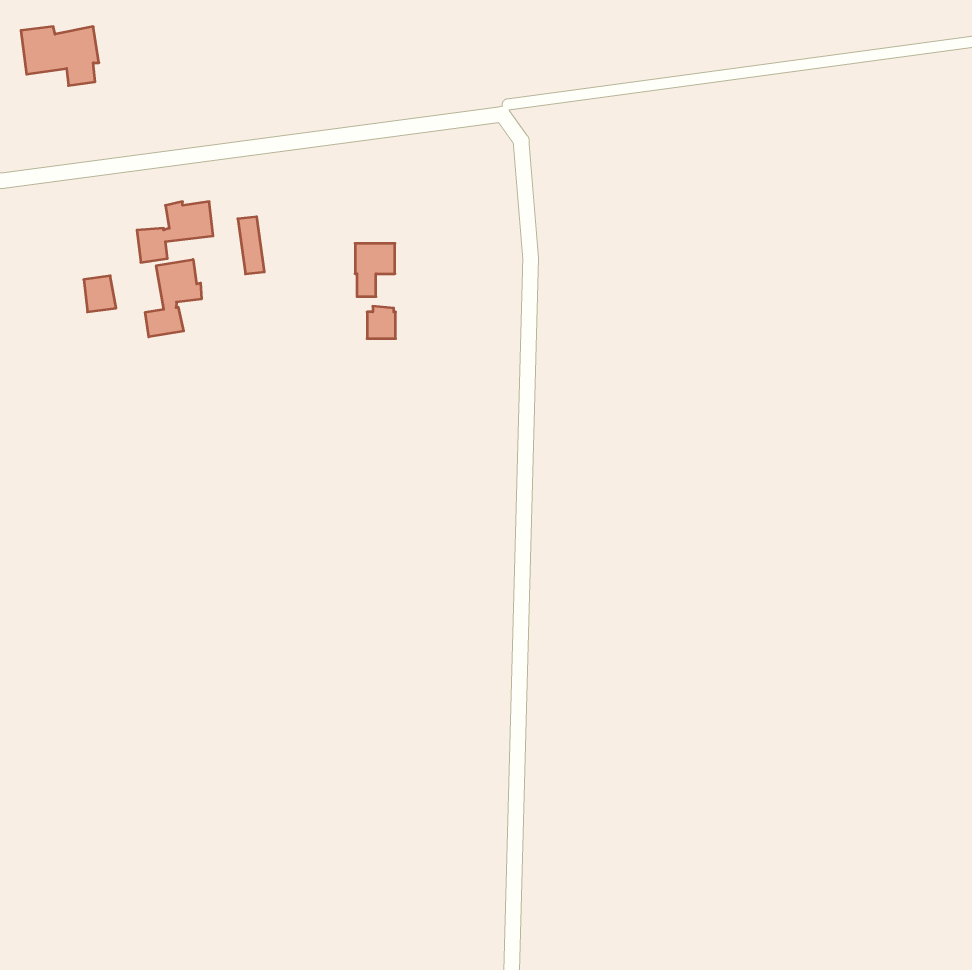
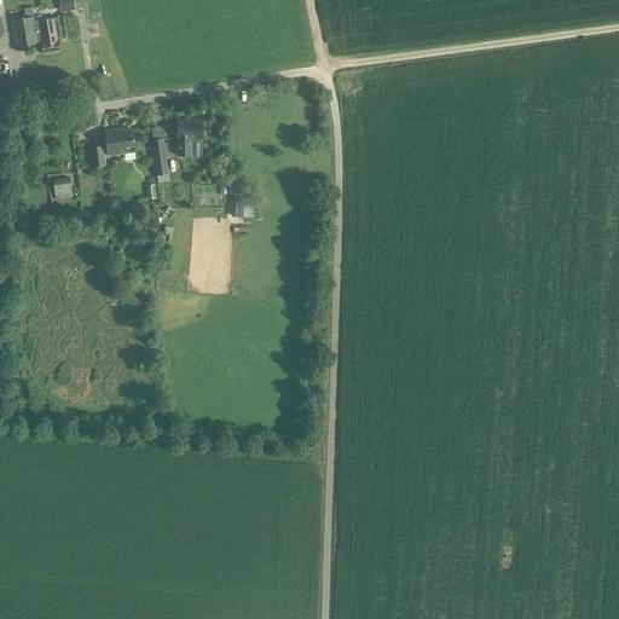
building: [355,243,395,297] -> [178,120,203,154]
building: [145,259,201,337] -> none

